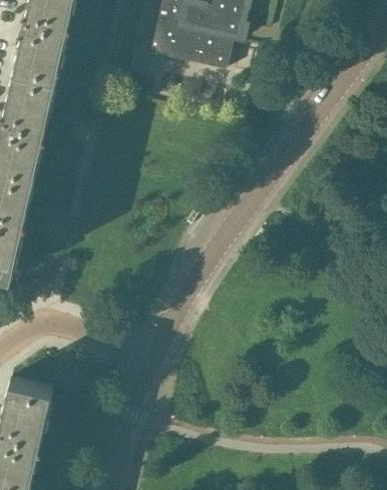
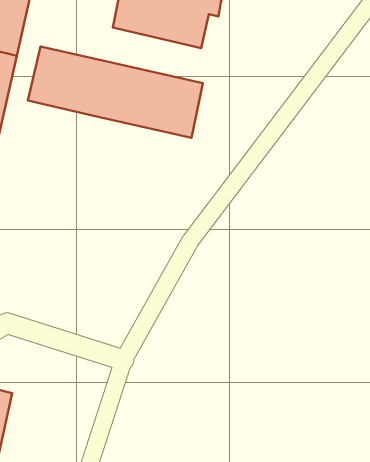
building: none -> [28,46,203,138]

